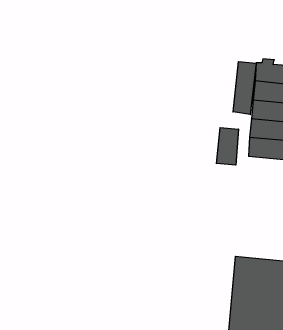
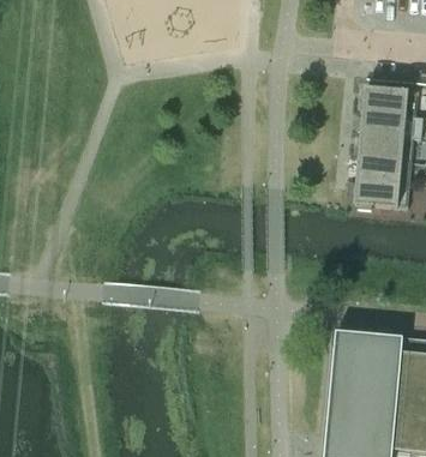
building: [233,62,256,115] -> none
building: [216,128,238,165] -> none

